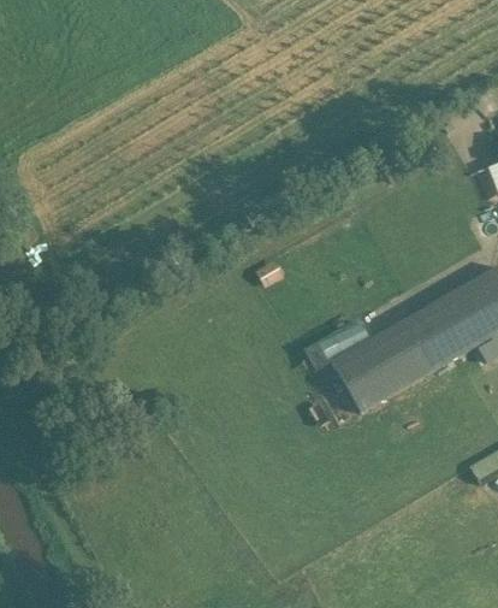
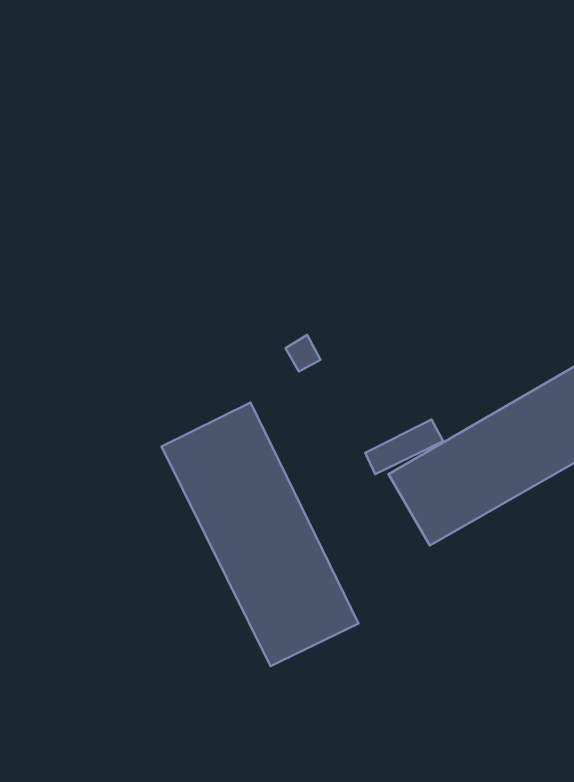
building: none -> [161,402,358,666]

